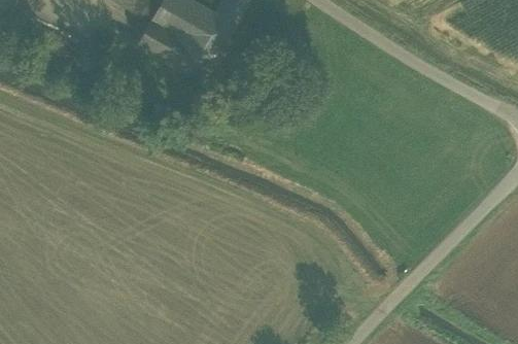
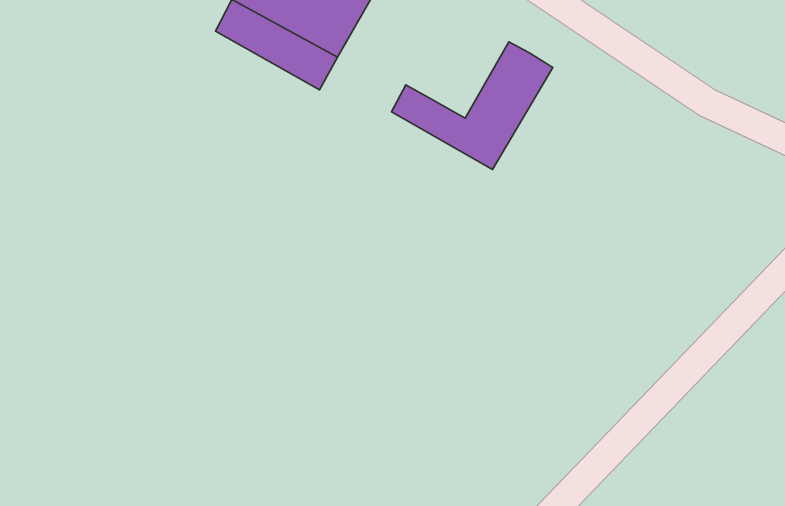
building: none -> [391,42,553,170]

